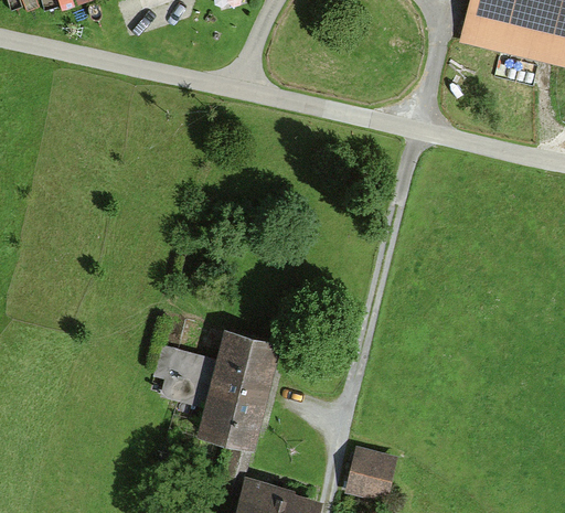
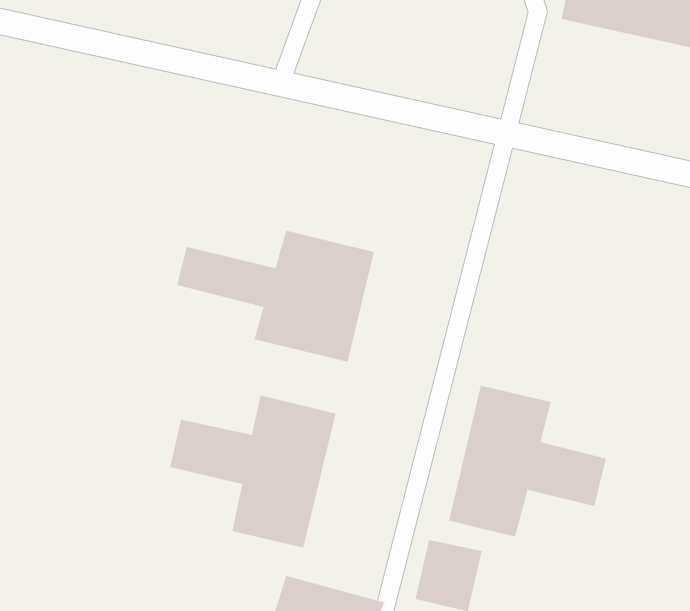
building: none -> [177,230,374,362]
building: none -> [448,385,606,537]

